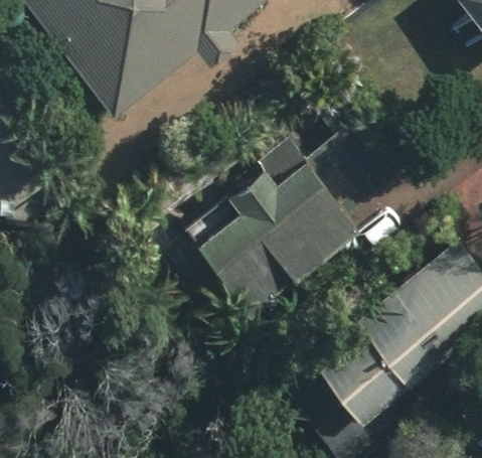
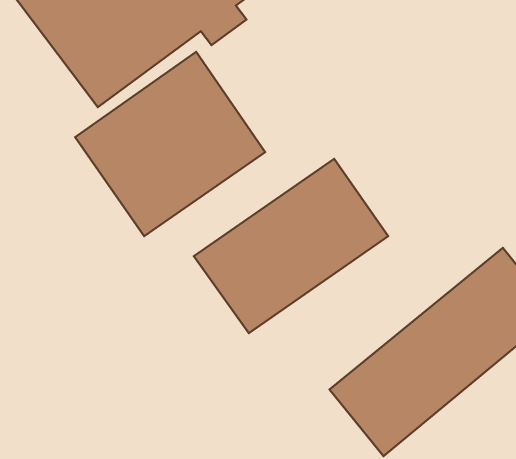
building: none -> [75,52,265,236]

